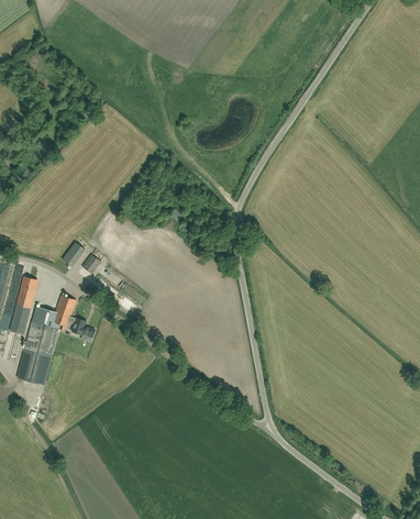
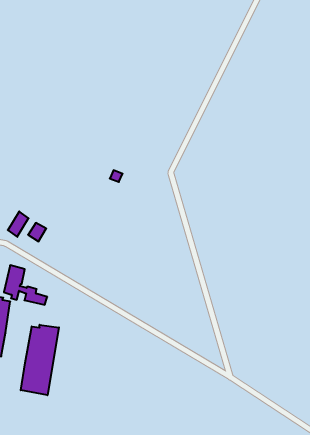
building: none -> [21,325,59,395]

